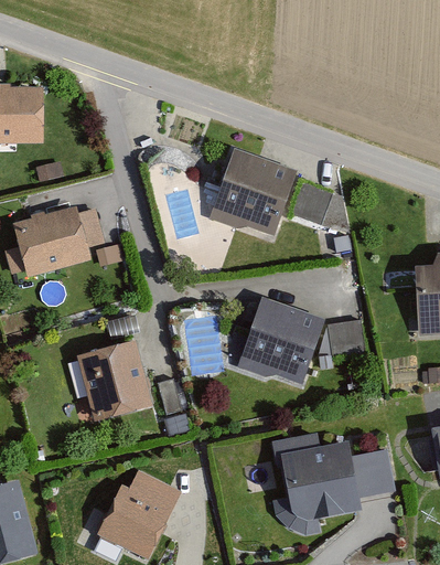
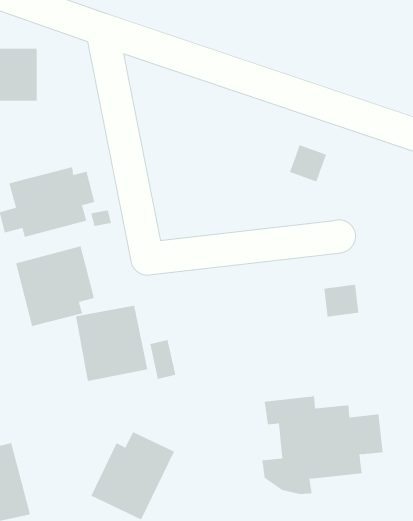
building: [208,149,296,237] -> none
building: none -> [15,246,94,327]
building: [236,296,323,384] -> none

